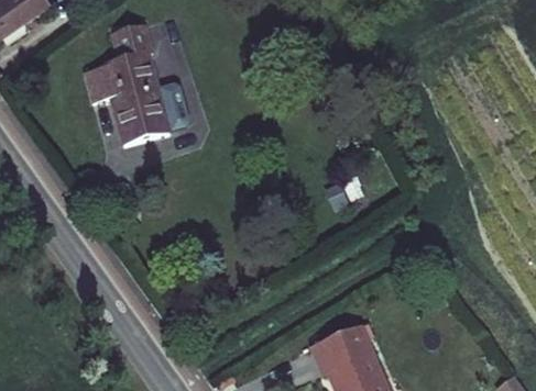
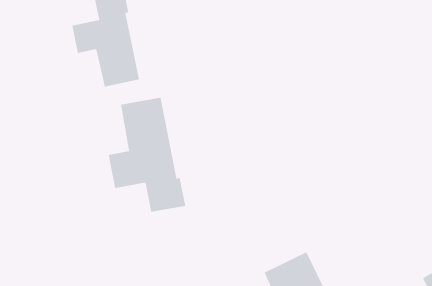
building: none -> [108,97,186,213]

